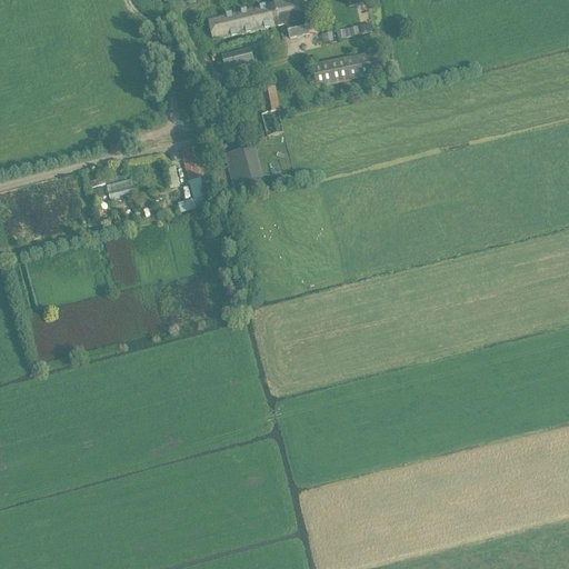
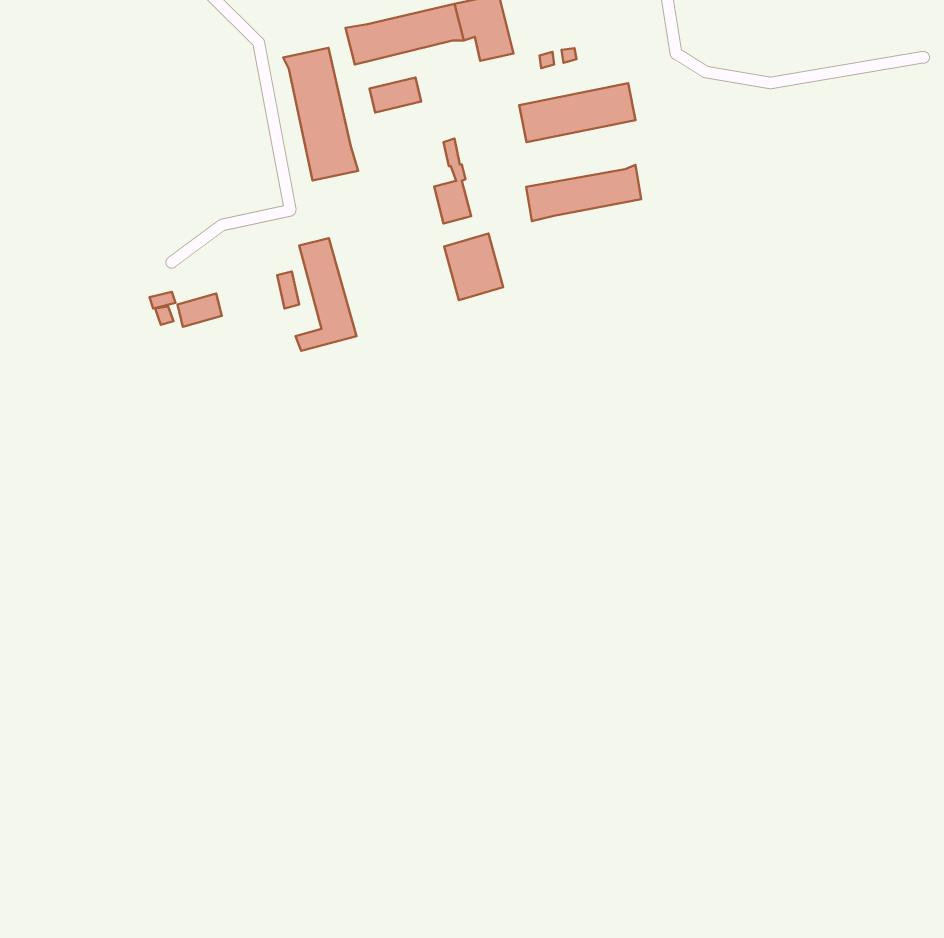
building: none -> [283,48,358,180]
building: none -> [526,165,641,221]
building: [224,144,260,184] -> [444,234,503,300]

